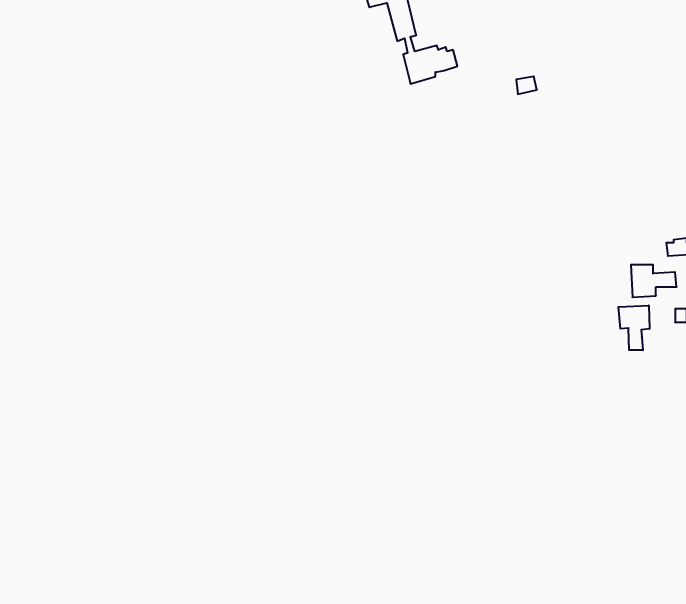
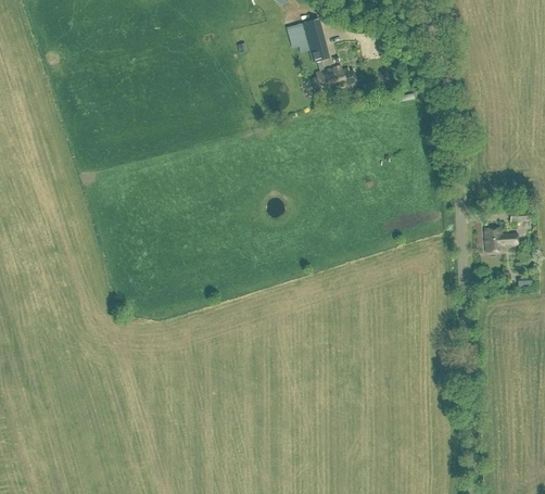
building: [618,305,649,350] -> none

